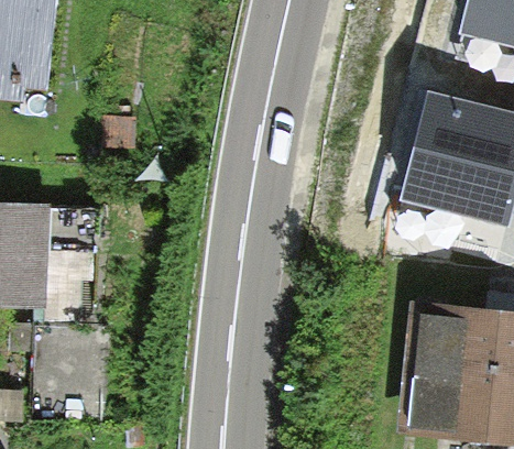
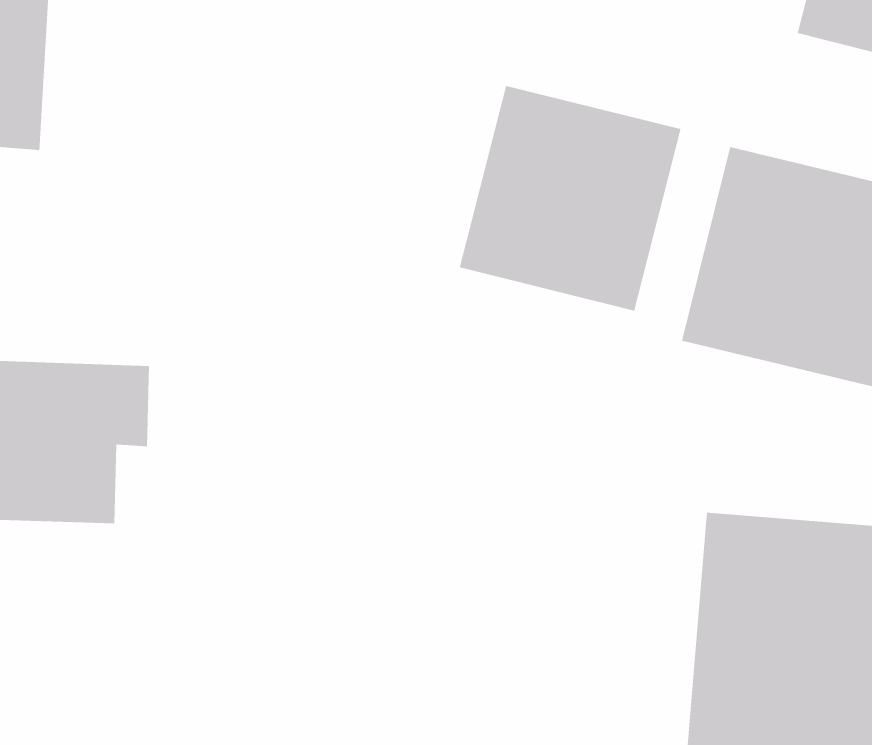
building: none -> [459,85,681,311]

